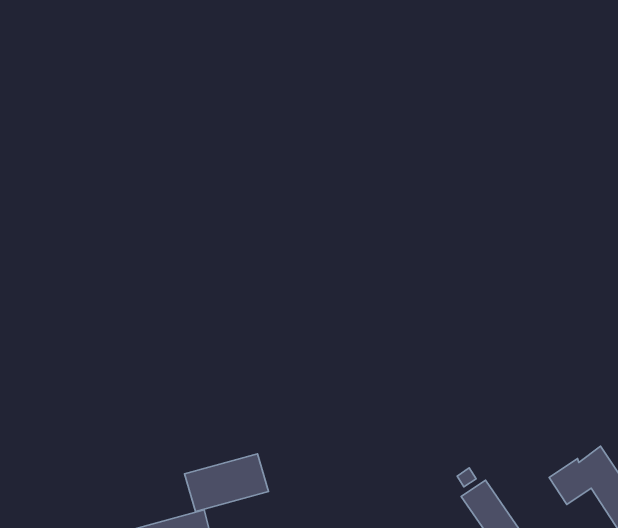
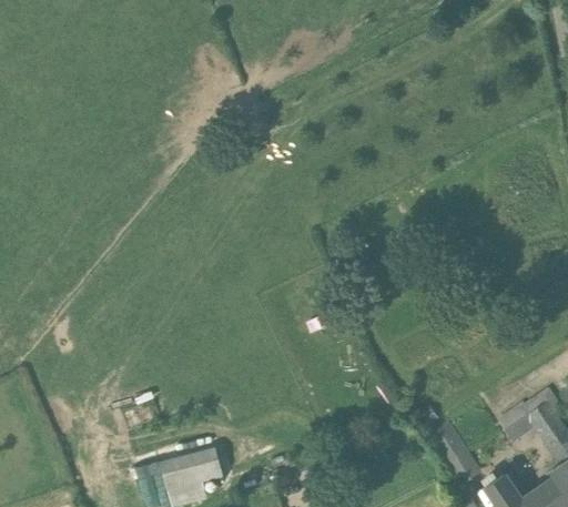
building: [185,454,269,512] -> none

